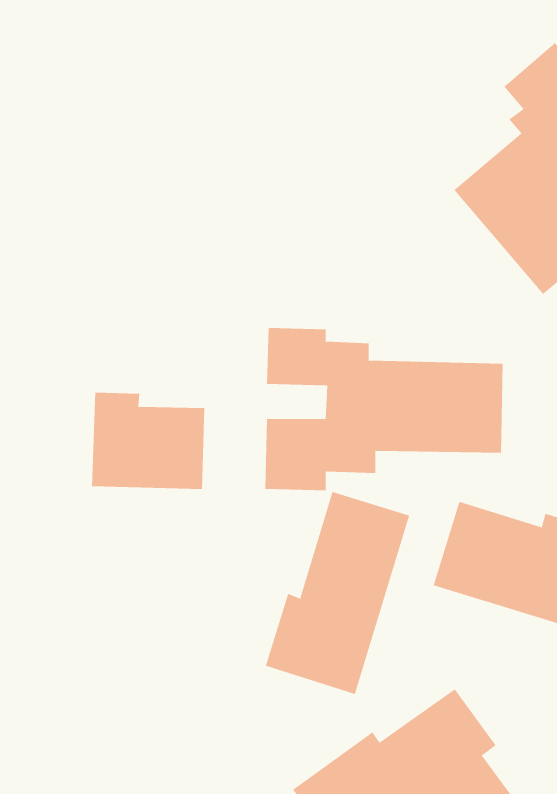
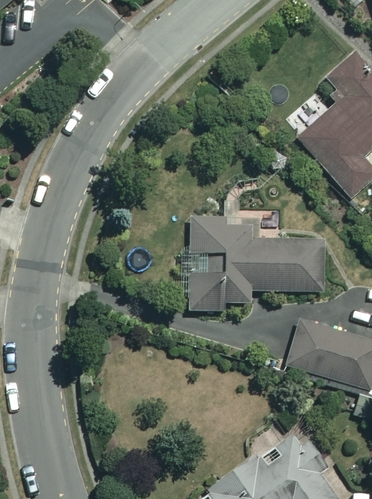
building: [91,392,205,490] -> none
building: [265,491,410,695] -> none

